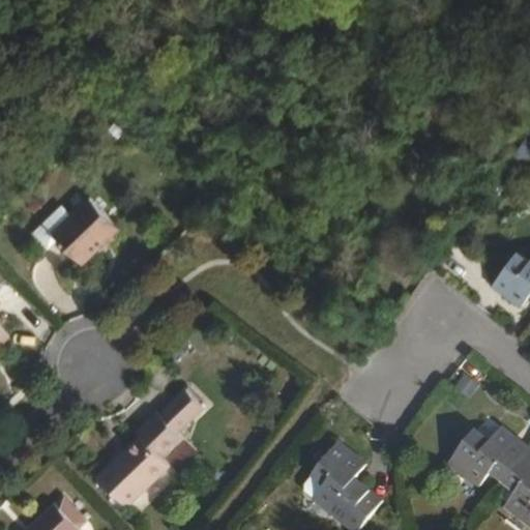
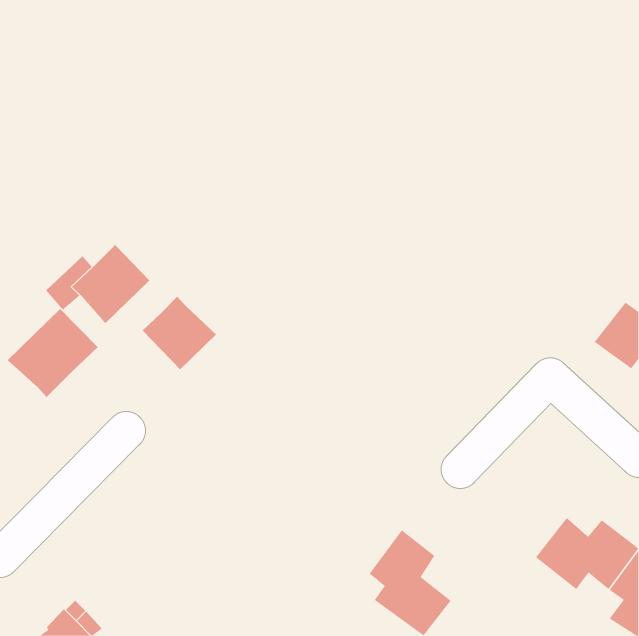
building: none -> [142,296,217,370]
building: none -> [7,308,98,398]
building: [99,386,210,506] -> none

